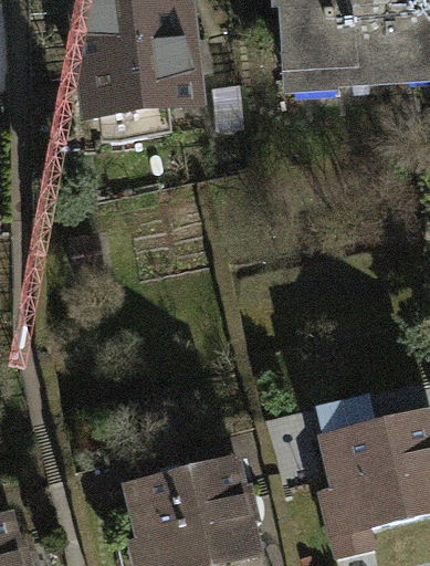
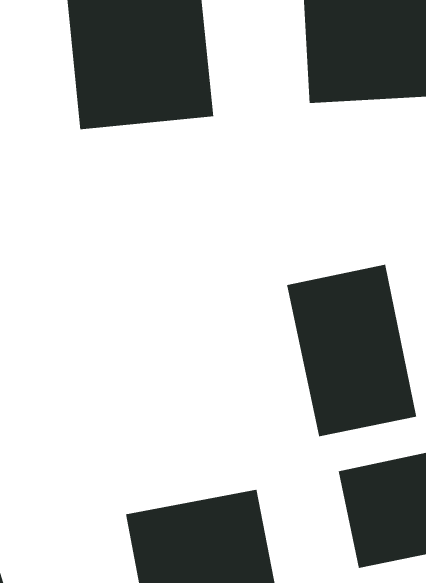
building: none -> [286,264,417,437]

